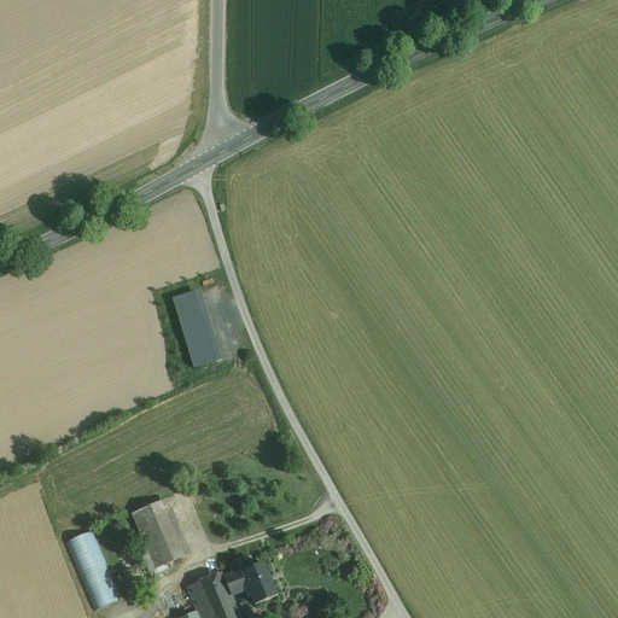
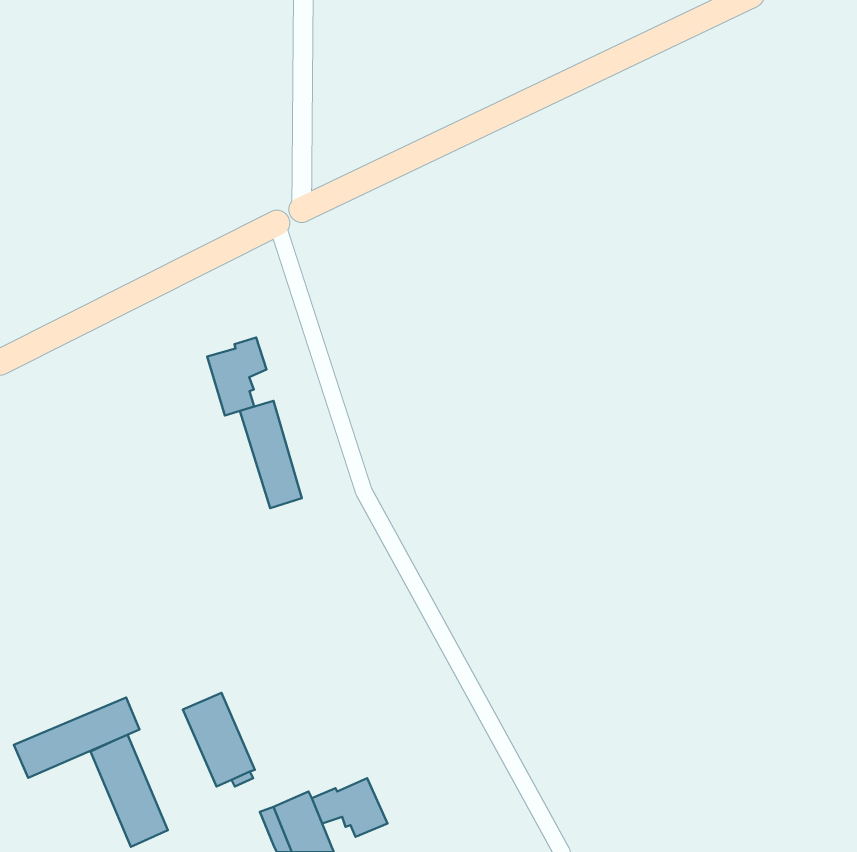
building: none -> [207,337,267,416]
building: none -> [14,698,139,778]

